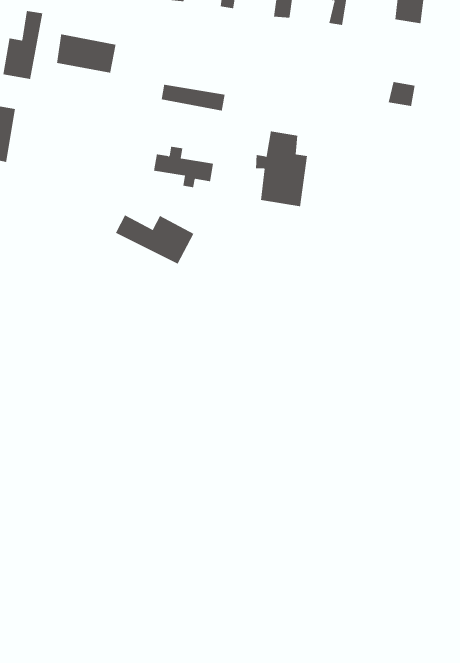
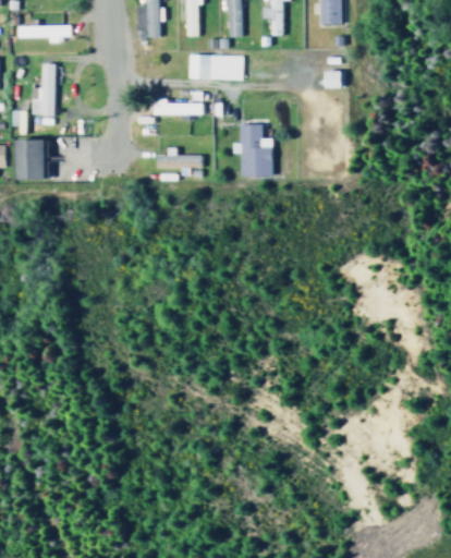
building: none -> [190,53,243,80]
building: [57,34,116,74] -> none
building: [115,215,194,265] -> none

